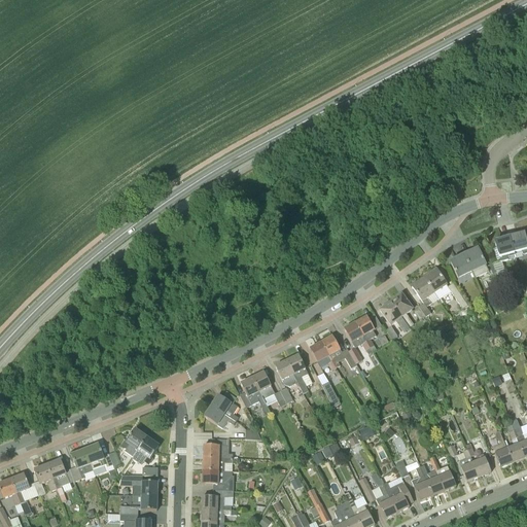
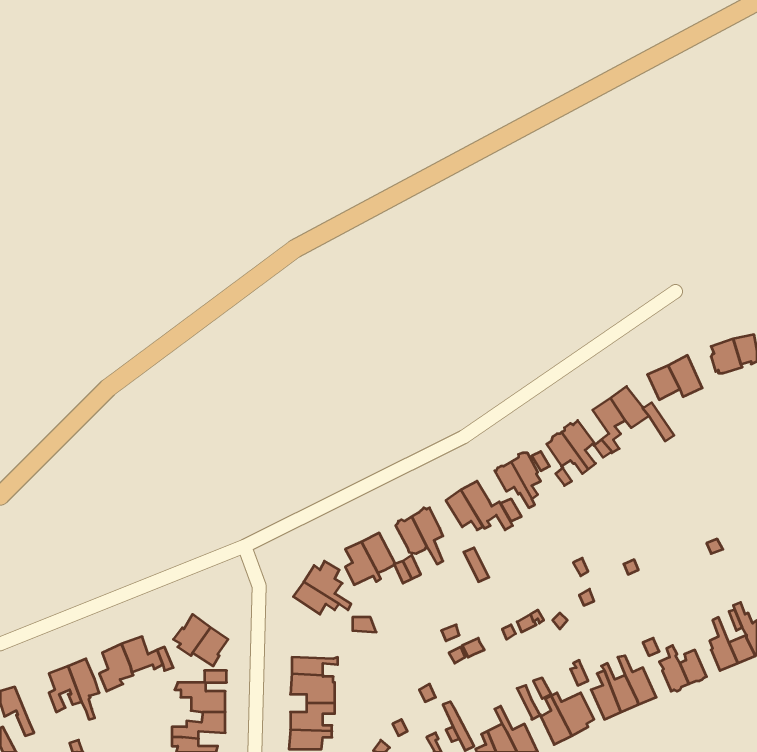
building: [203,437,236,458] -> none
building: [10,472,31,514] -> none

